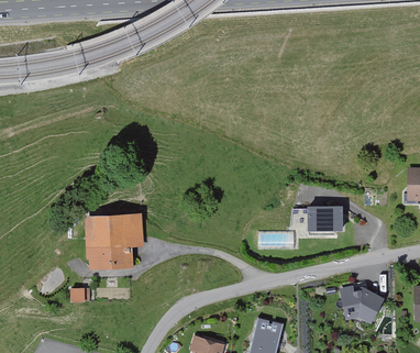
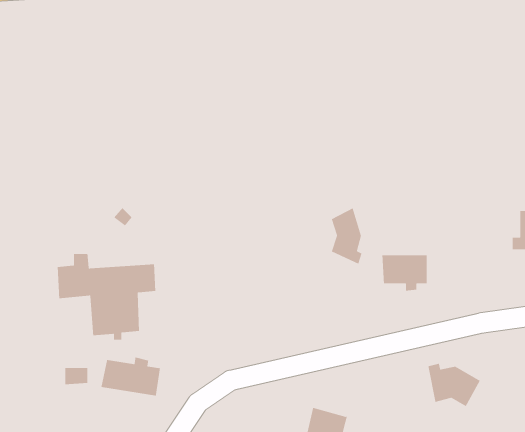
building: none -> [331,207,362,265]
building: none -> [100,356,161,396]

